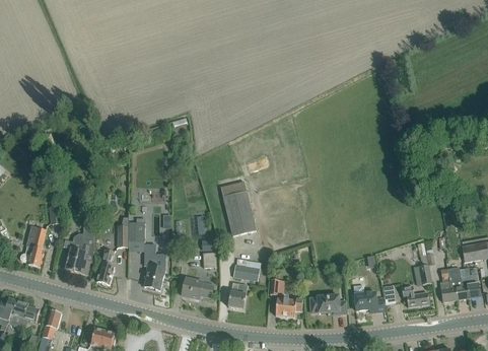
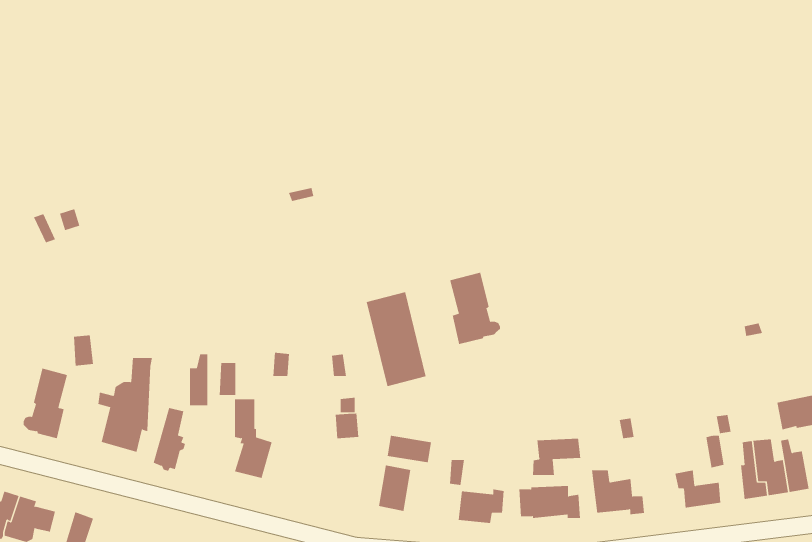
building: none -> [450,272,501,345]
building: none -> [532,438,581,476]
building: [182,277,212,299] -> none

